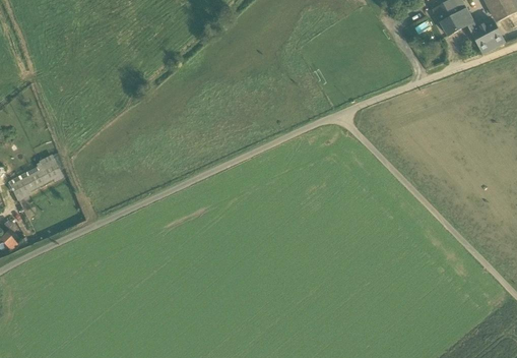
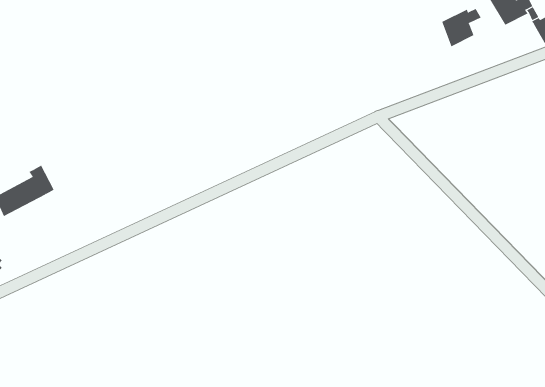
building: none -> [442,8,482,47]

